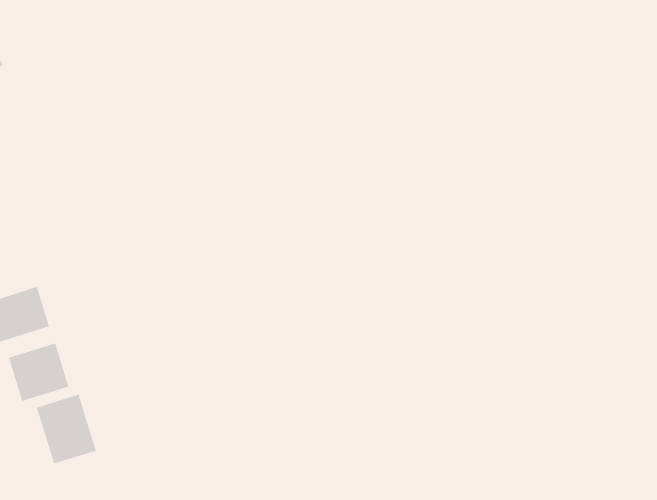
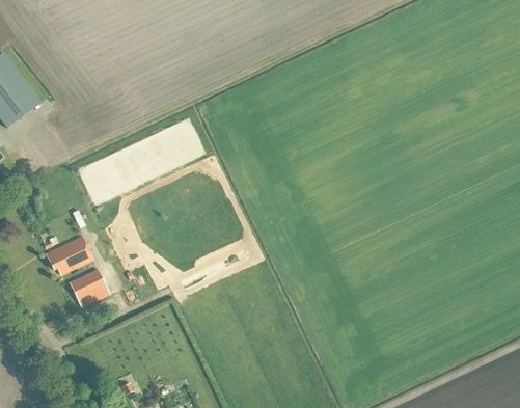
building: [36,394,96,464] -> none

